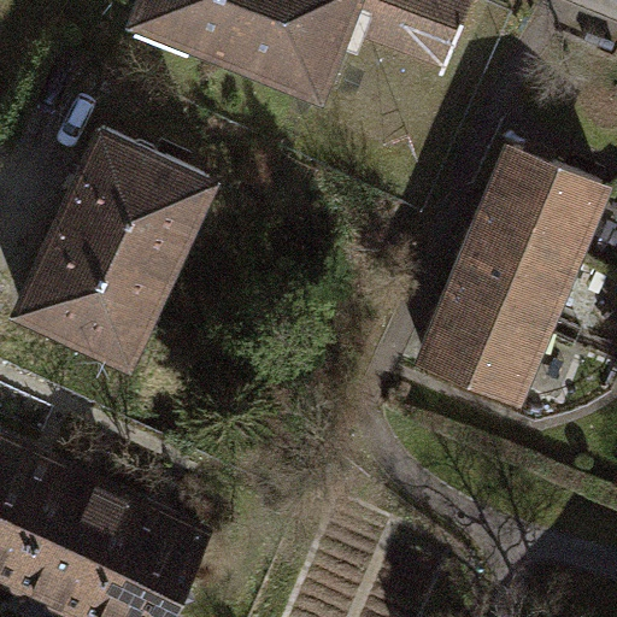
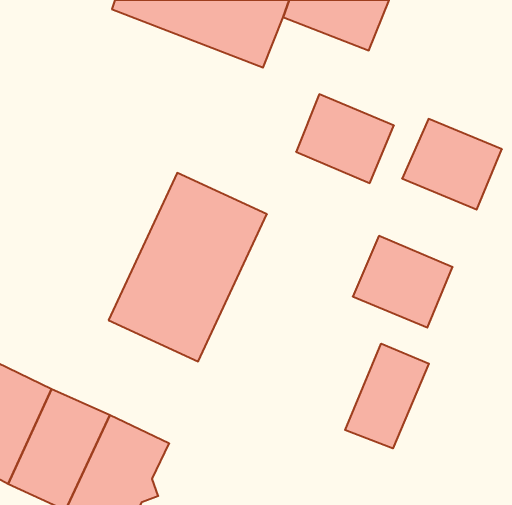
building: [18,136,207,362] -> [109,173,267,361]
building: [453,225,570,331] -> [296,94,394,183]
building: none -> [345,344,429,448]

